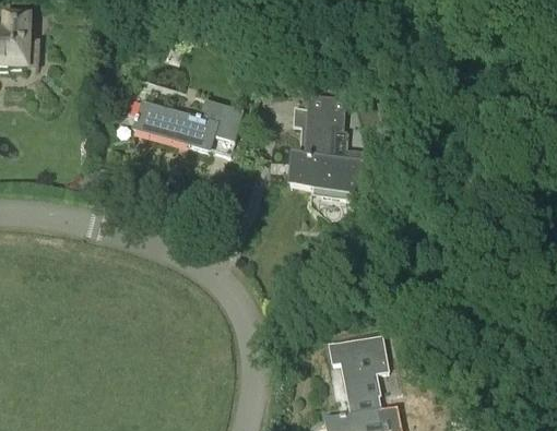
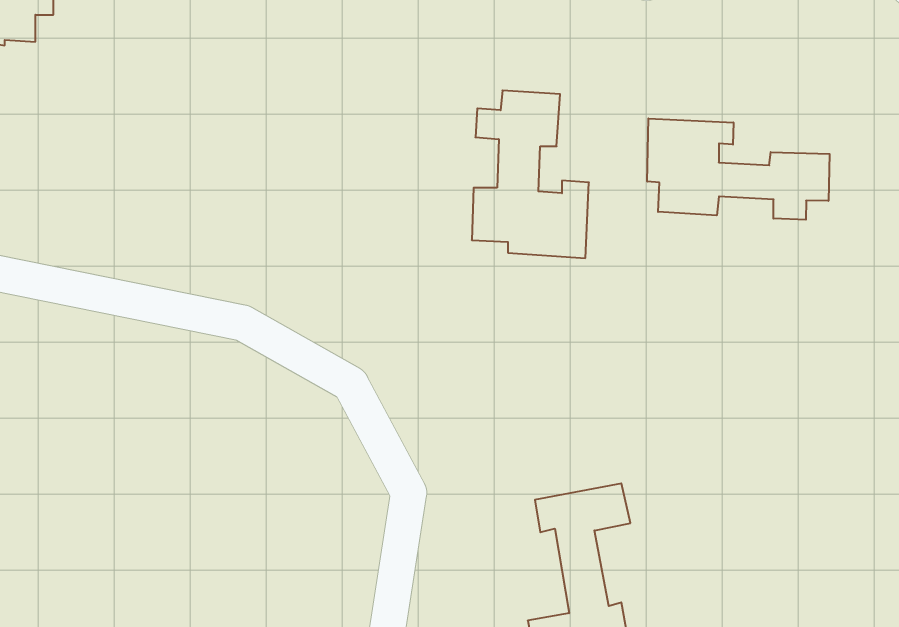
building: [134,99,244,153] -> none
building: none -> [647,118,830,220]

